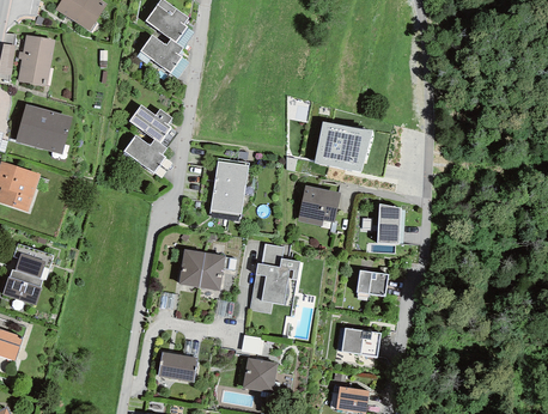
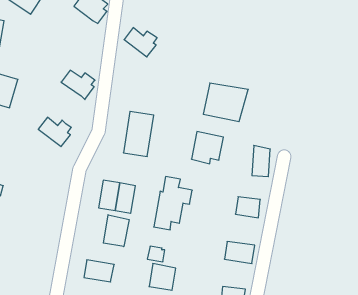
building: [140,35,183,73] -> [124,28,157,57]
building: [123,134,166,172] -> [38,117,71,147]
building: none -> [103,215,129,247]

